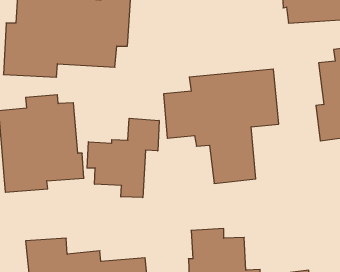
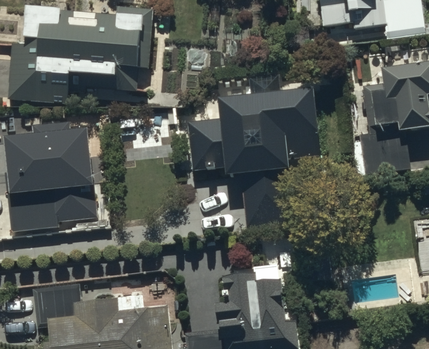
building: [87,118,159,198] -> none

